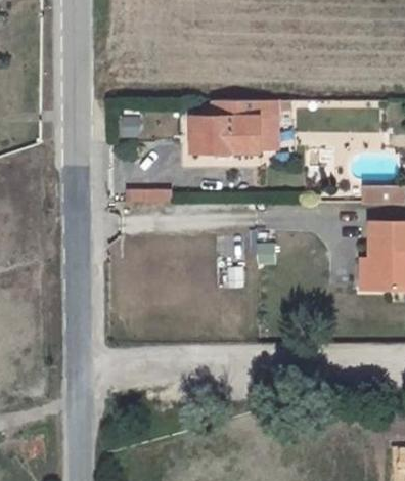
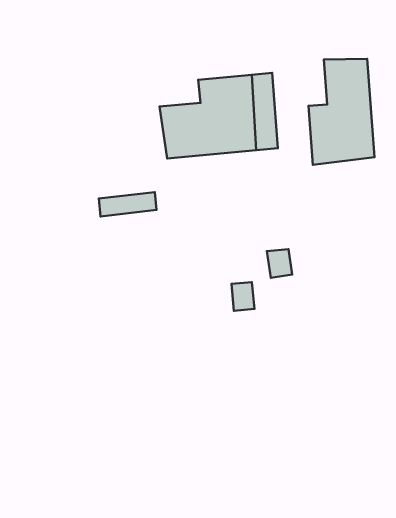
building: none -> [308,59,375,165]

